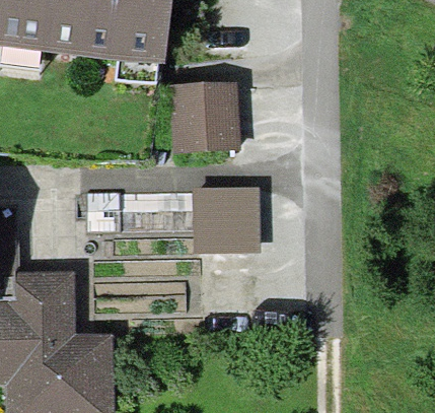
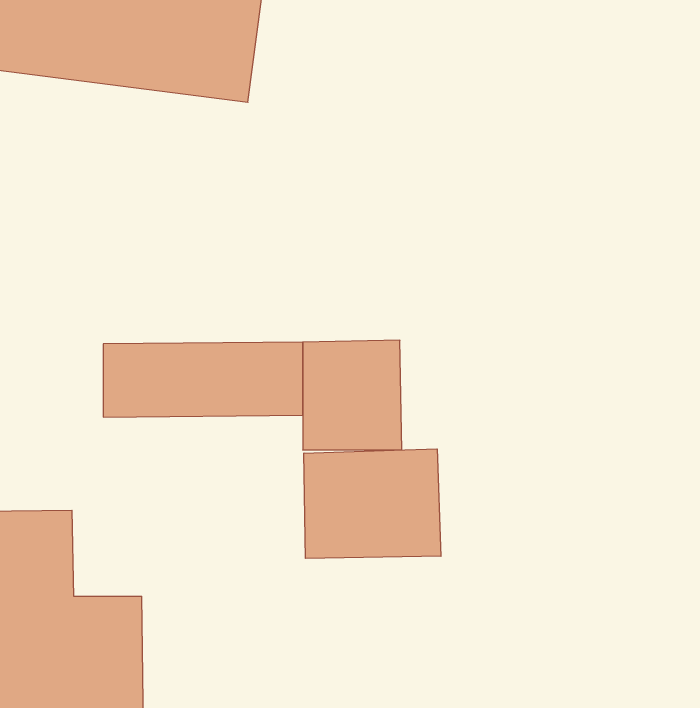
building: [169,91,236,149] -> none
building: none -> [304,449,441,558]

